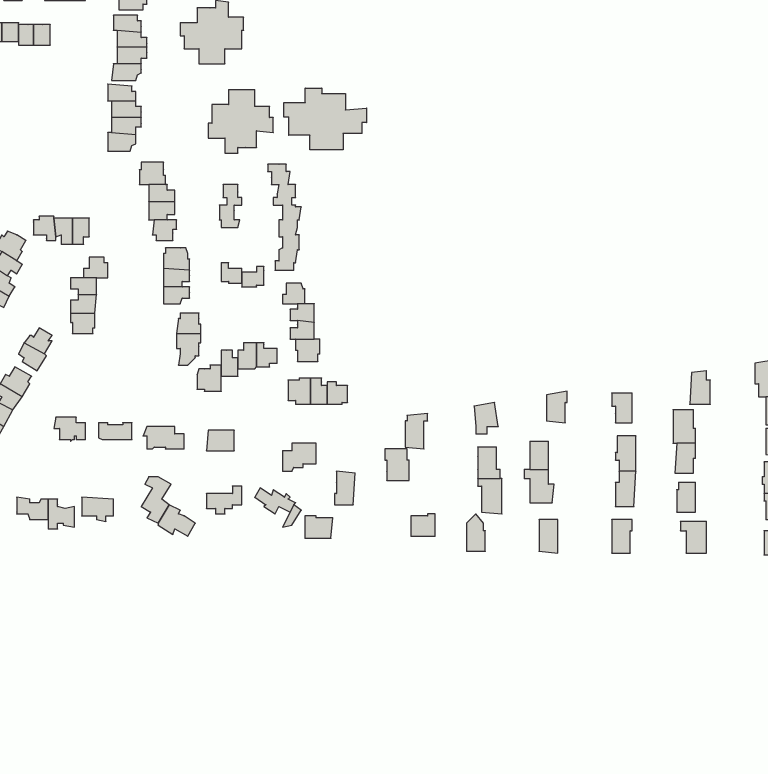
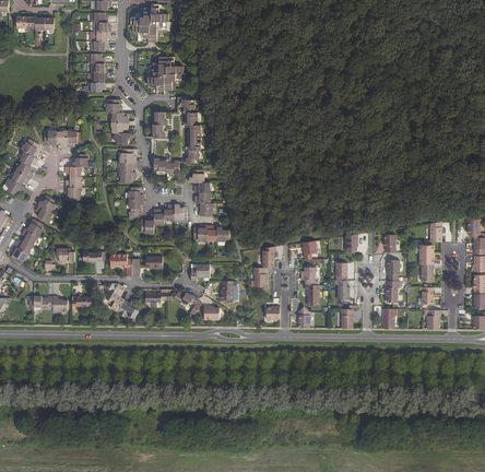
building: [284,88,367,150] -> none

